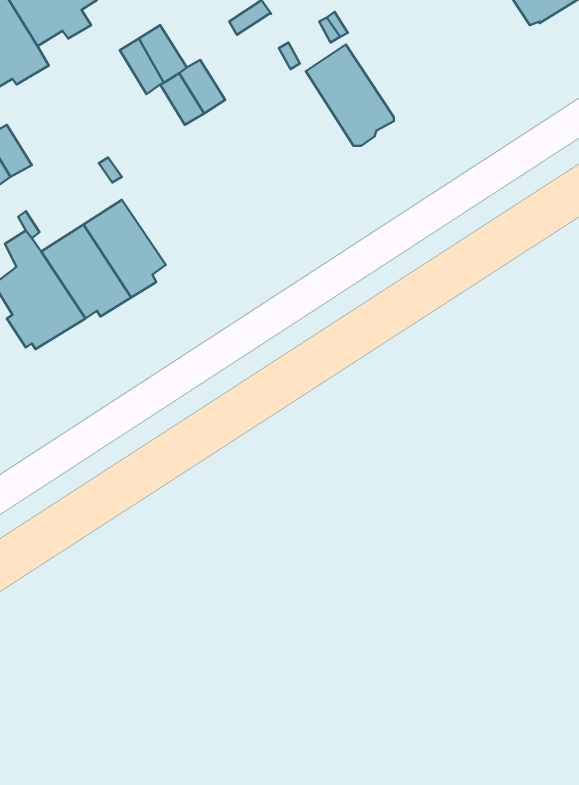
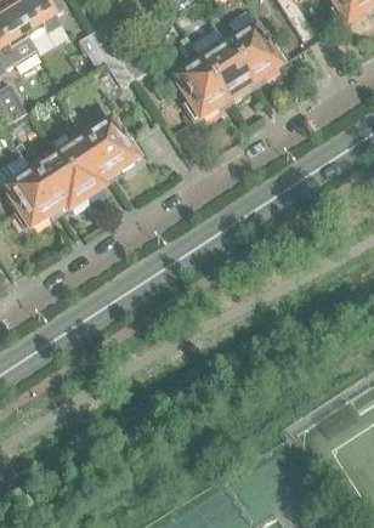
building: none -> [223,22,285,84]
building: none -> [169,55,228,121]
building: none -> [81,115,142,177]

